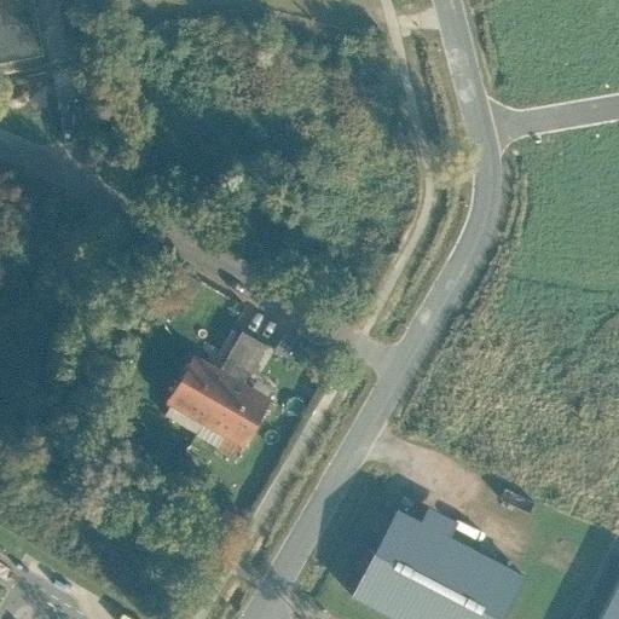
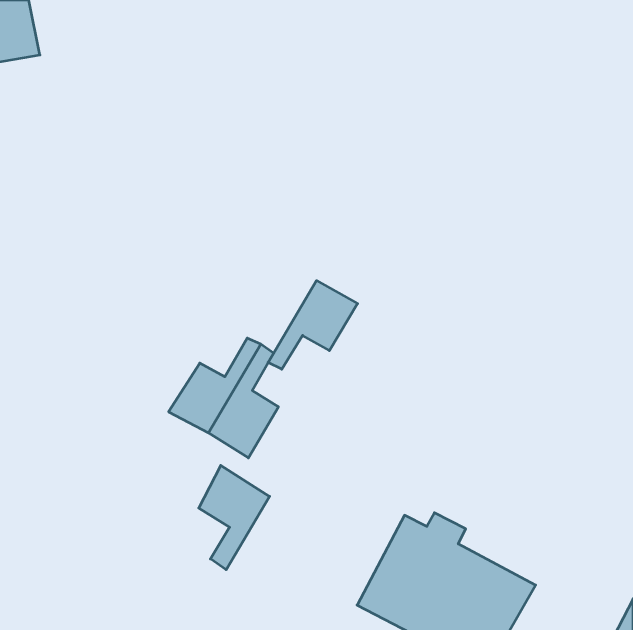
building: none -> [268,281,358,369]
building: none -> [199,465,270,570]

